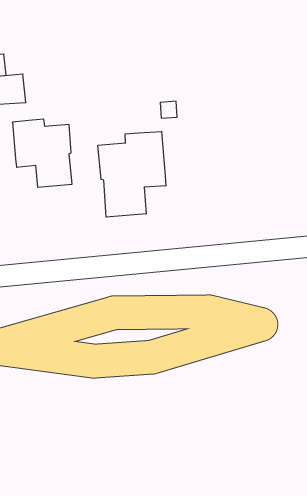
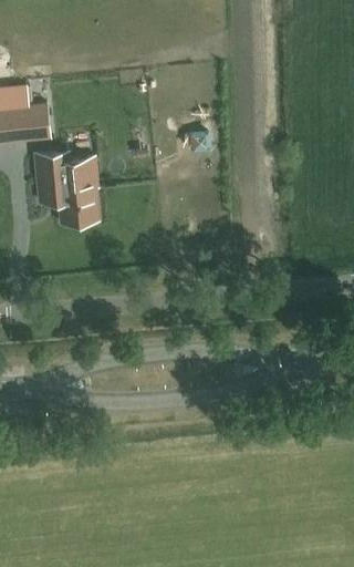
building: [98,131,166,217] -> none

